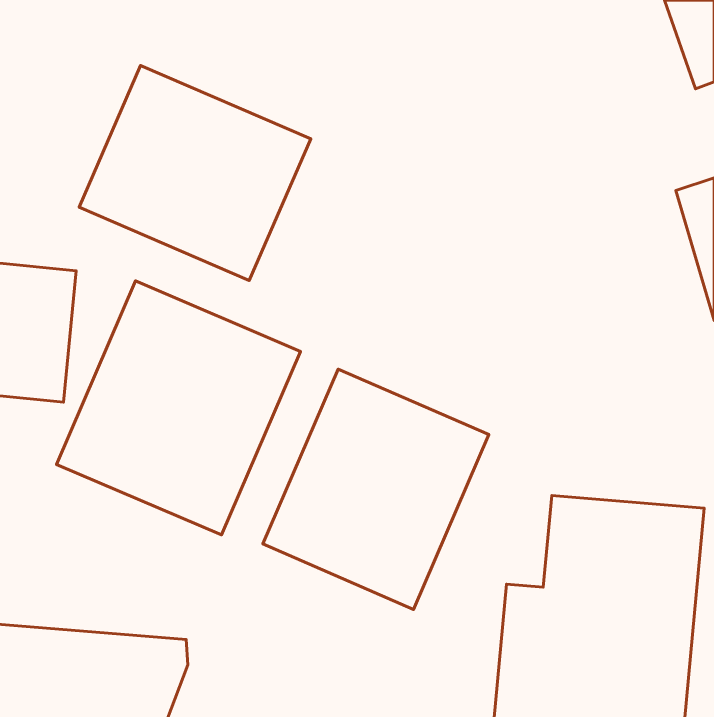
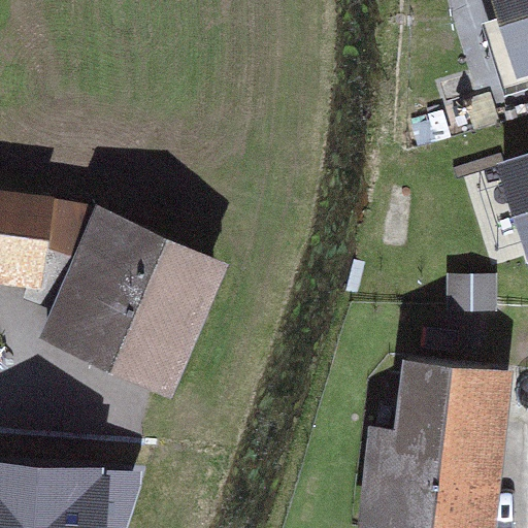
building: [79,65,311,280] -> none
building: [263,369,489,609] -> none

